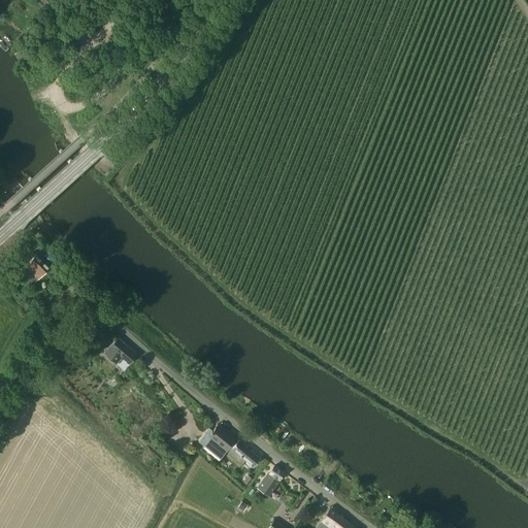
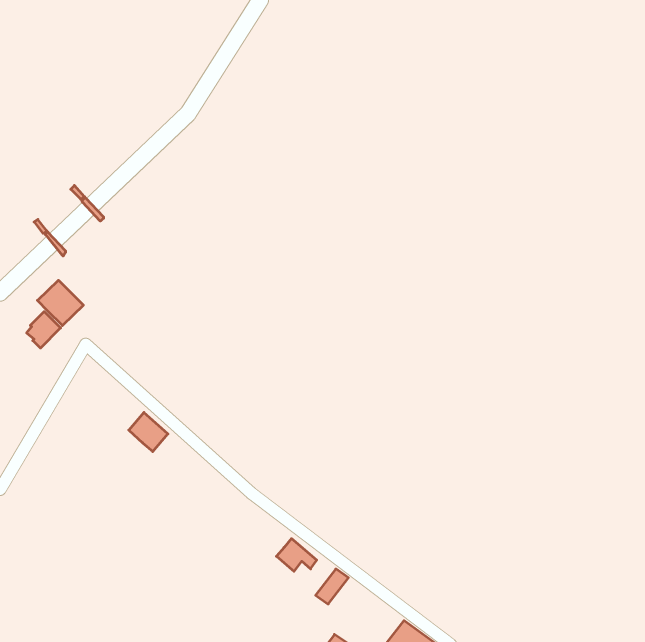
building: none -> [37,280,83,326]
building: [198,426,235,460] -> none

